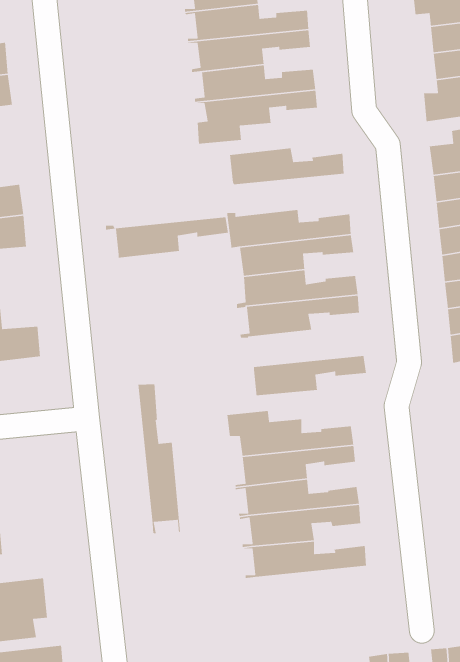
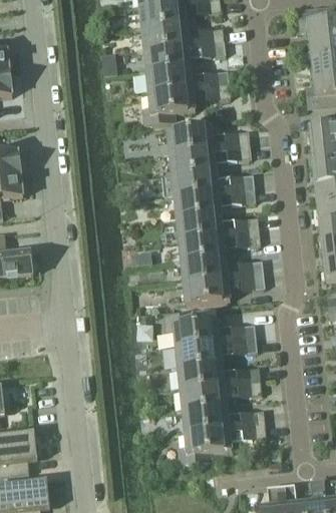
building: [105,216,229,259] -> [162,144,251,174]
building: none -> [177,255,263,284]
building: [138,384,181,534] -> none
building: none -> [178,424,266,463]

